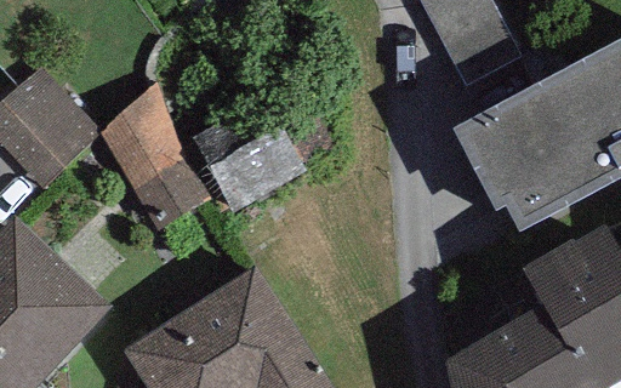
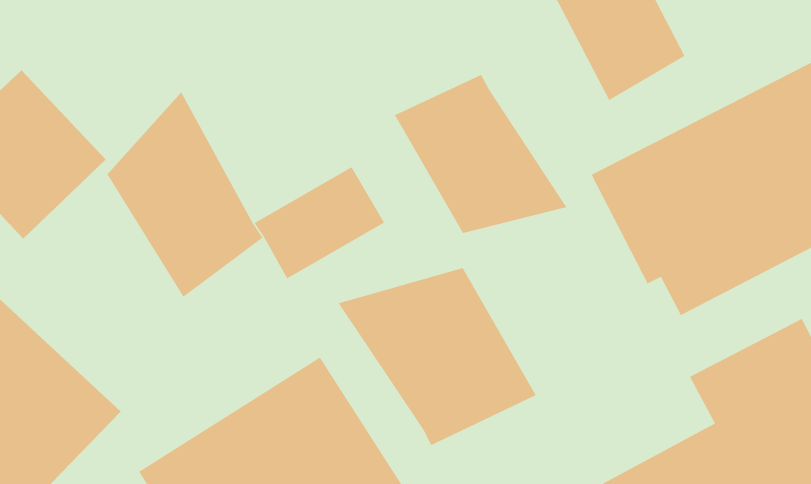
building: none -> [394,74,568,234]
building: none -> [337,267,537,446]

